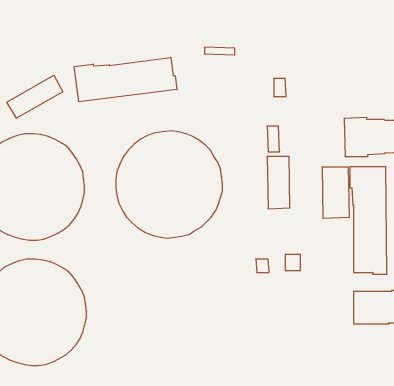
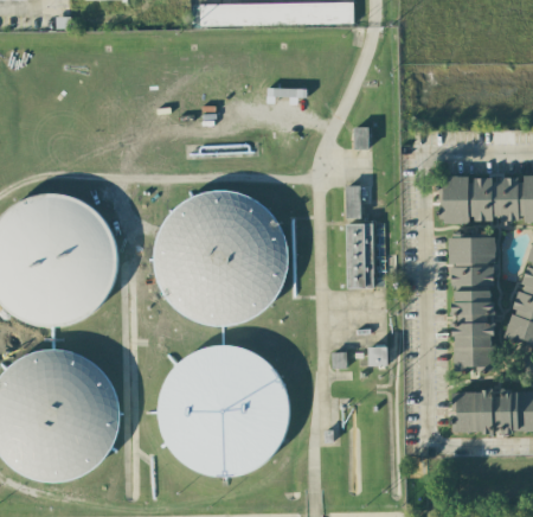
building: [74,57,177,102] -> none
building: [7,75,63,118] -> none
building: [322,167,349,218] -> none
building: none -> [156,344,290,477]

